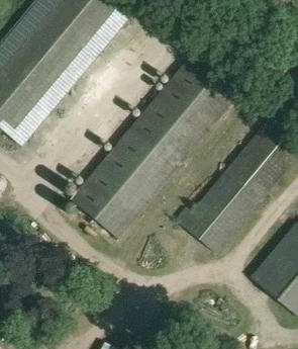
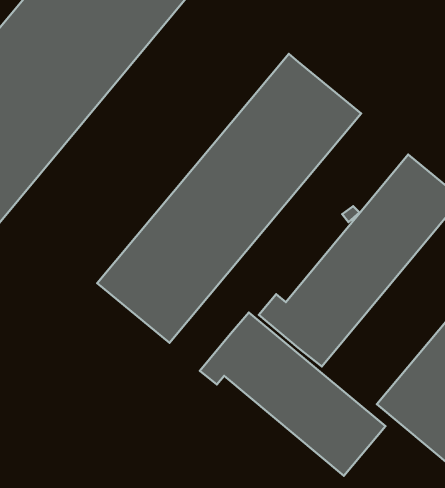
building: none -> [200,313,385,476]

